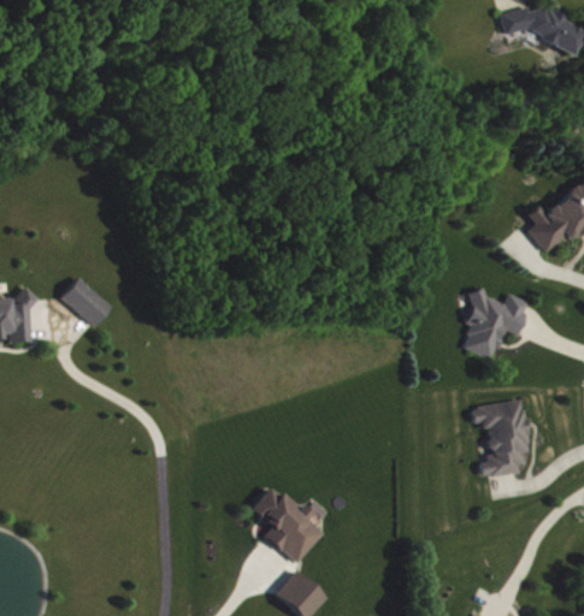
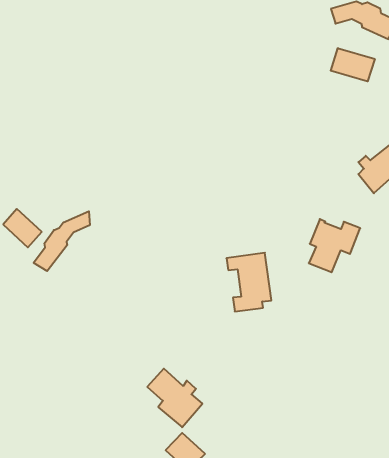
building: none -> [331,48,375,81]
building: none -> [34,211,90,271]
building: [471,401,530,478] -> [226,253,271,311]

